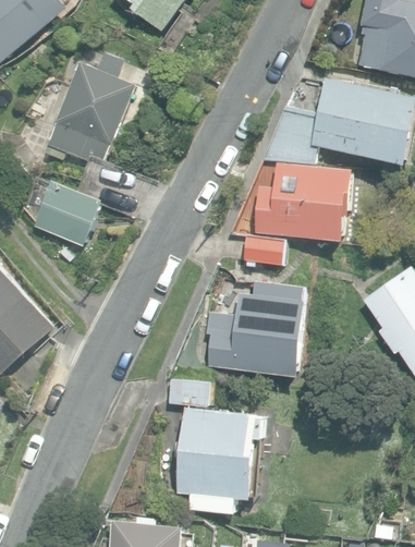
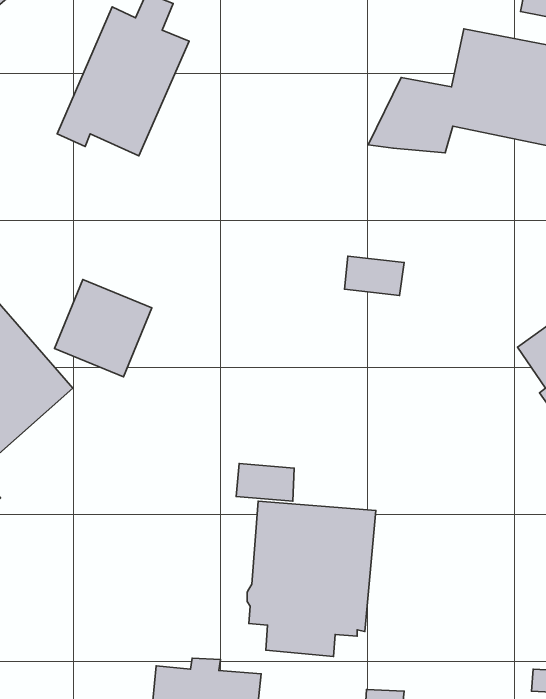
building: [254,161,354,240] -> none
building: [34,179,101,246] -> [55,280,152,377]
building: [204,282,304,374] -> none

